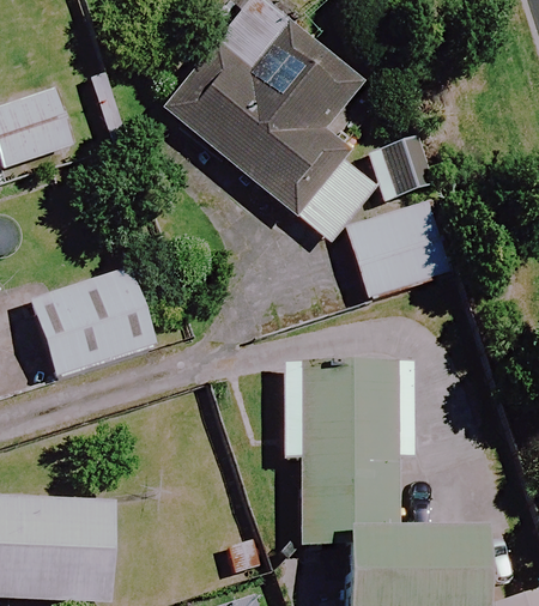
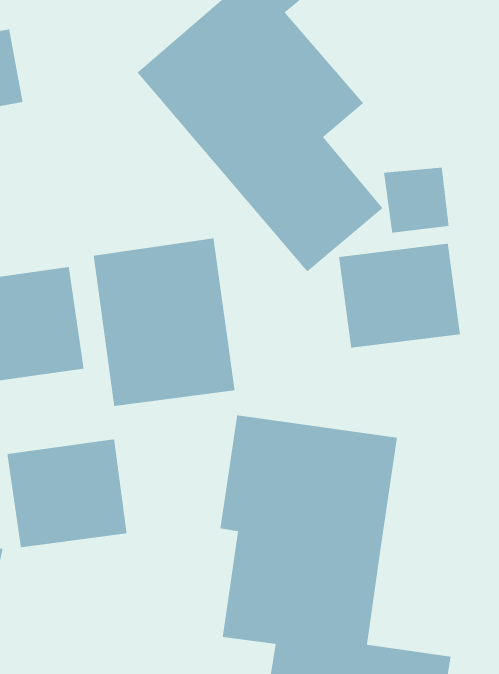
building: none -> [93,237,235,407]
building: none -> [6,438,127,548]

